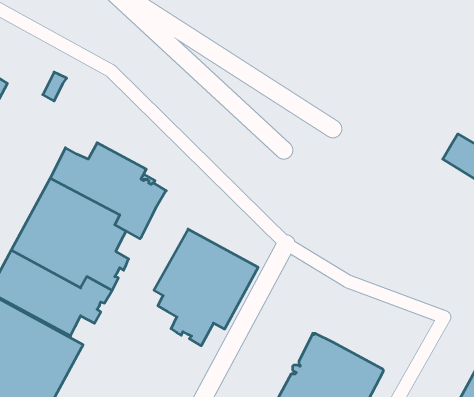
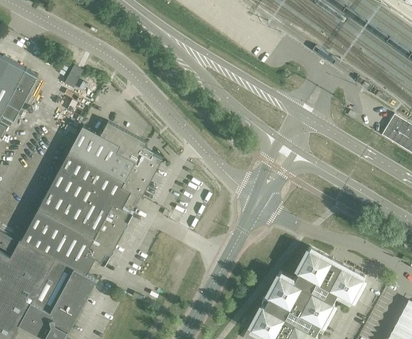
building: [154,229,258,346] -> none
building: none -> [294,249,364,302]

